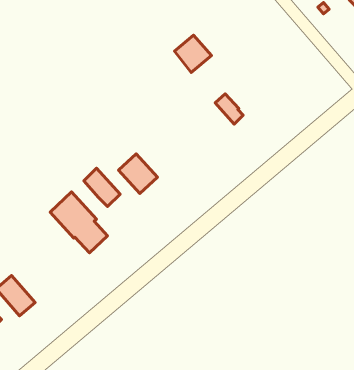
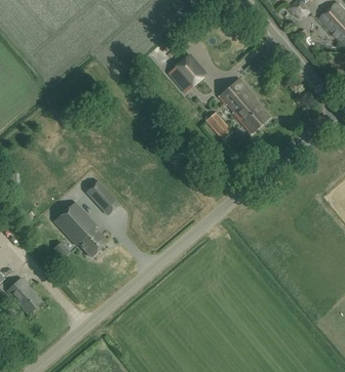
building: none -> [217,77,268,132]
building: [119,154,157,194] -> none

